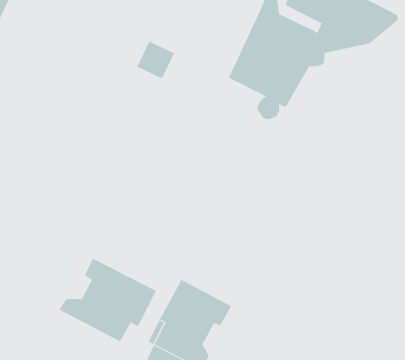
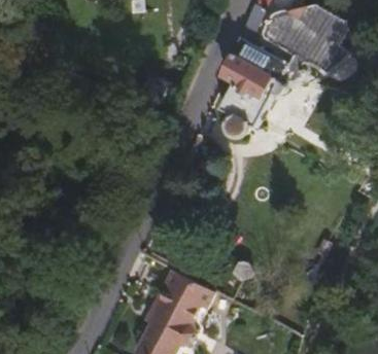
building: [59,258,156,342] -> none

